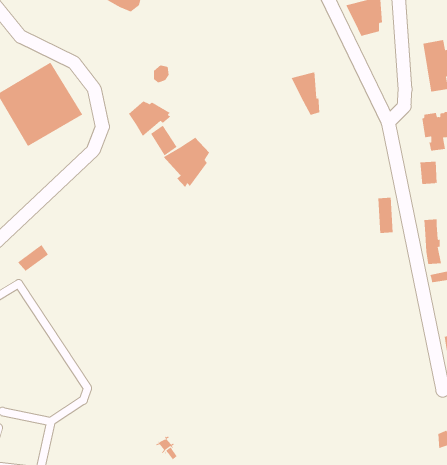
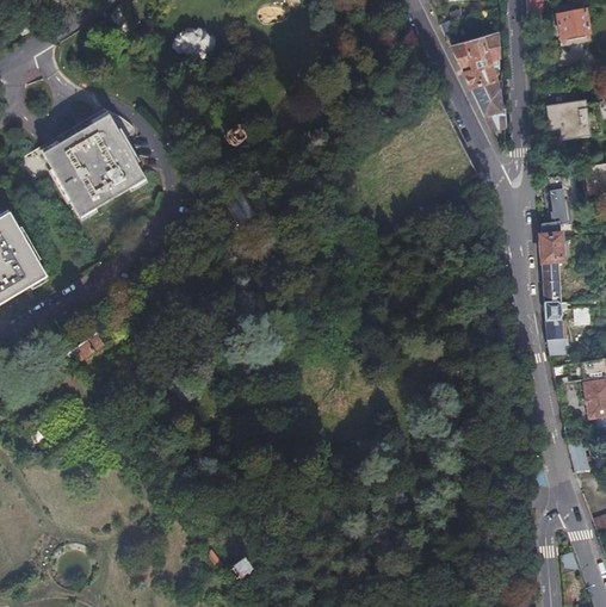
building: [291,72,320,115] -> [471,79,506,130]
building: [128,100,172,137] -> none
building: [163,137,210,188] -> none
building: [377,197,394,234] -> [543,259,562,302]

